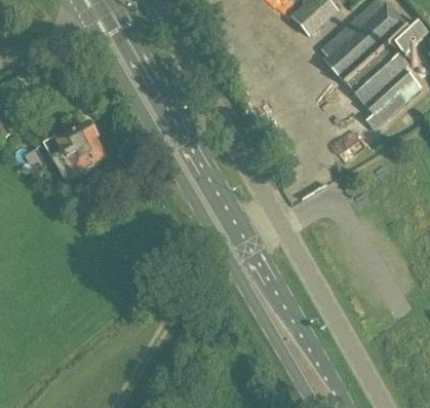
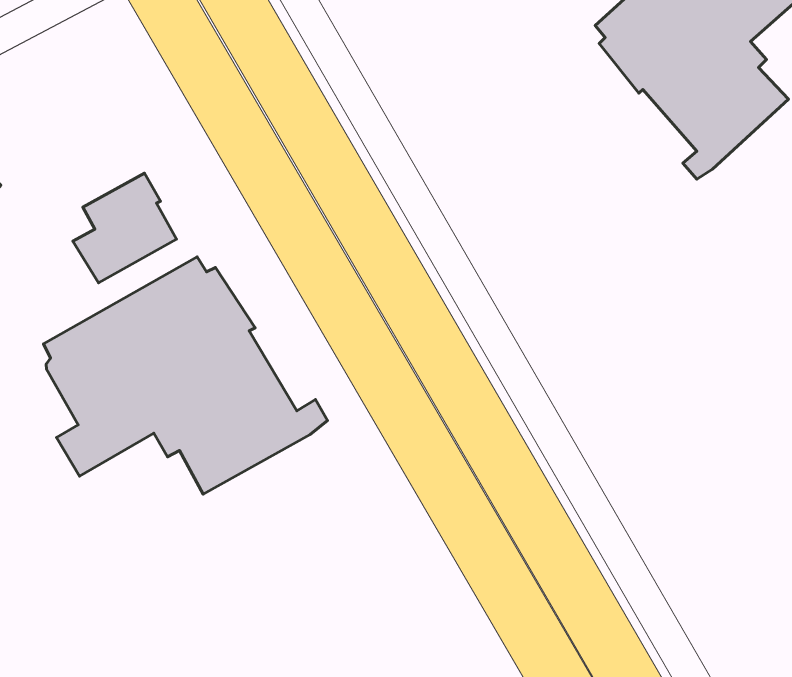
building: none -> [43,257,328,494]

